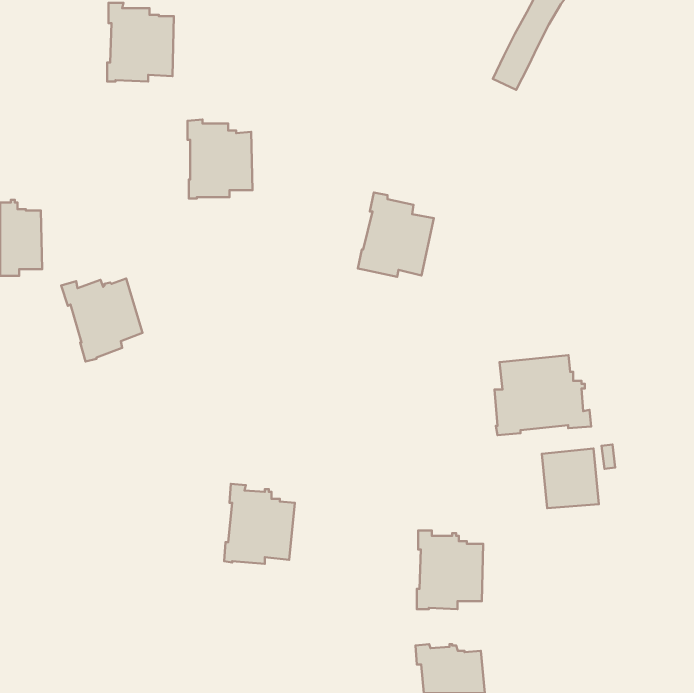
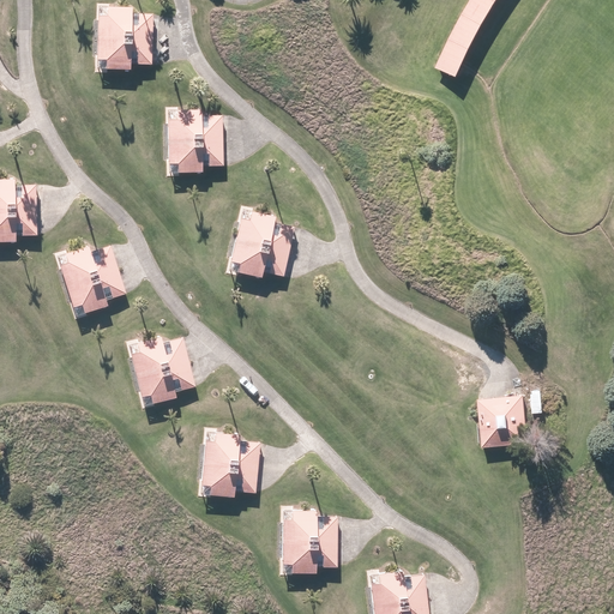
building: [358,193,434,277] -> [227,205,294,279]
building: [494,355,591,435] -> none
building: none -> [126,335,195,409]
building: [417,530,483,609] -> [279,505,338,574]

